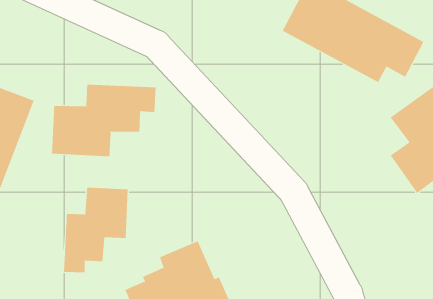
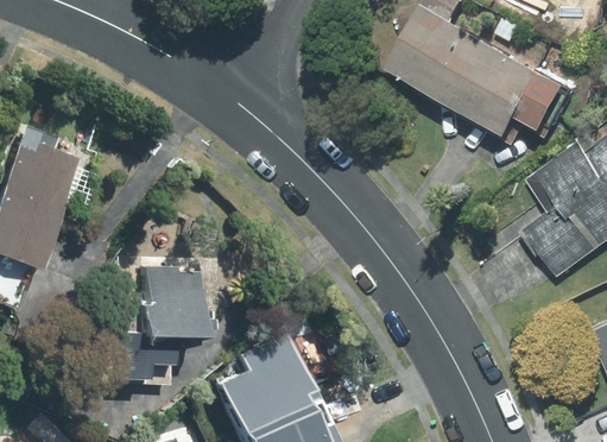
building: [52,84,156,157] -> none

